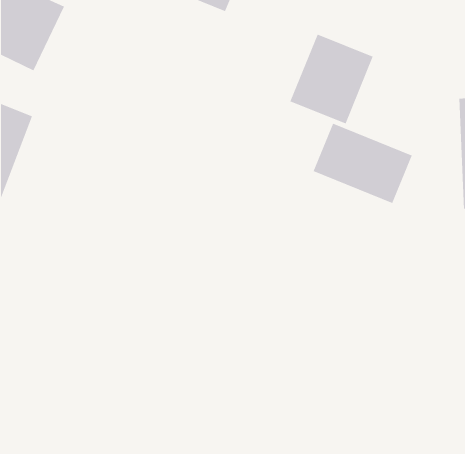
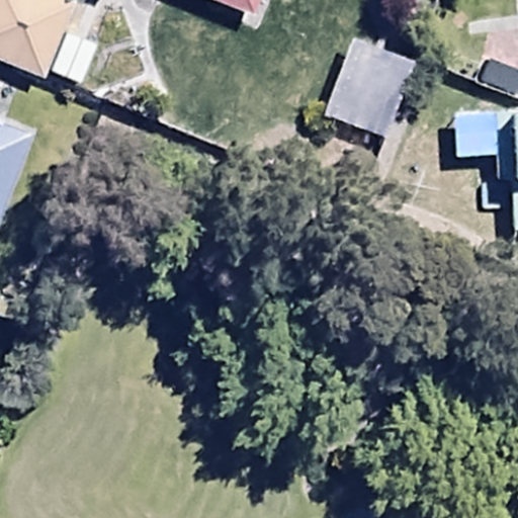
building: [313,123,413,204] -> none

